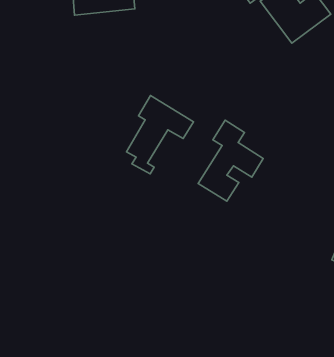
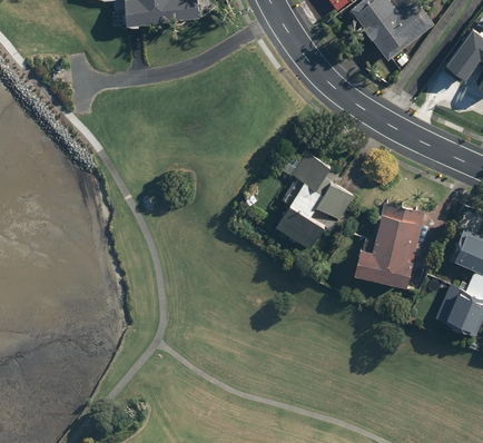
building: [127,96,193,174] -> none
building: none -> [354,201,424,287]

